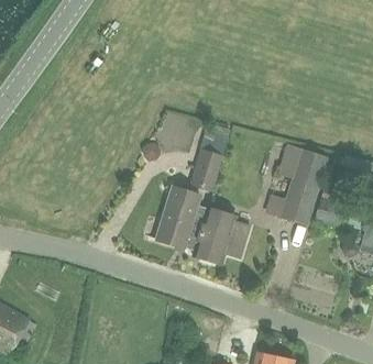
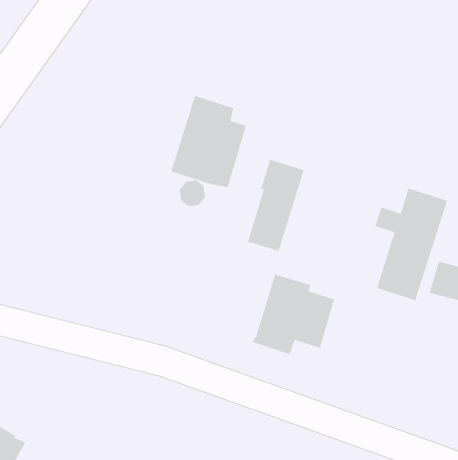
building: [155,186,208,251] -> [171,95,247,189]

